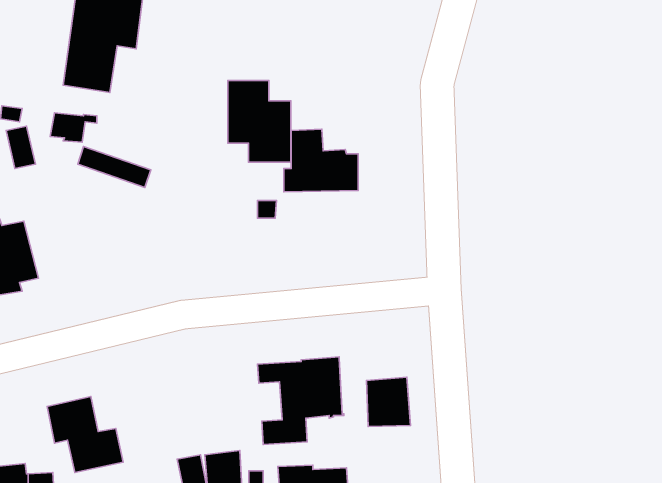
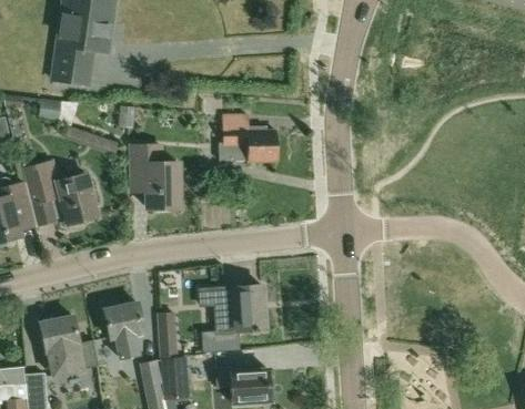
building: [228,80,291,162] -> [132,146,180,208]
building: none -> [26,163,97,227]
building: [366,377,411,426] -> none
building: none -> [104,301,143,358]
building: none -> [157,313,178,360]

